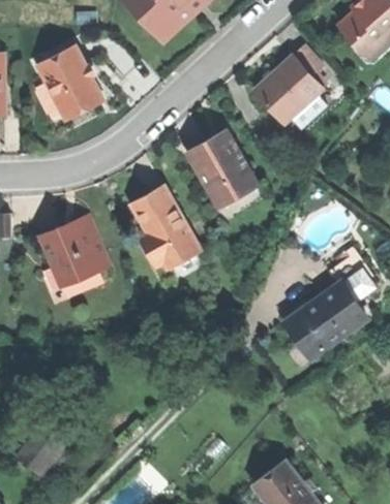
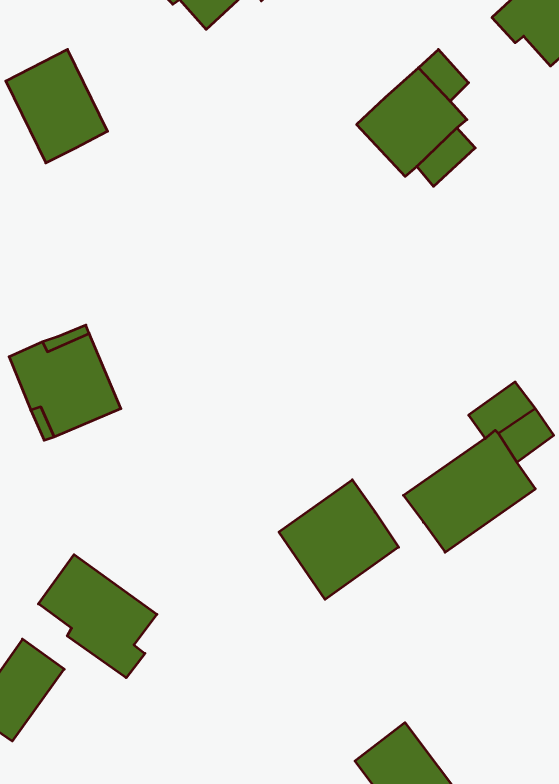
building: [187,132,257,208] -> none
building: [132,190,200,270] -> none
building: none -> [279,480,399,599]
building: none -> [38,555,157,678]

